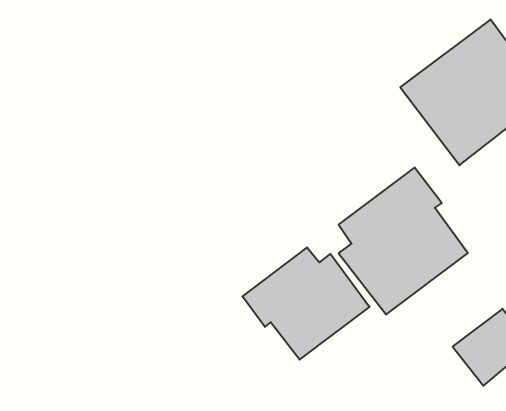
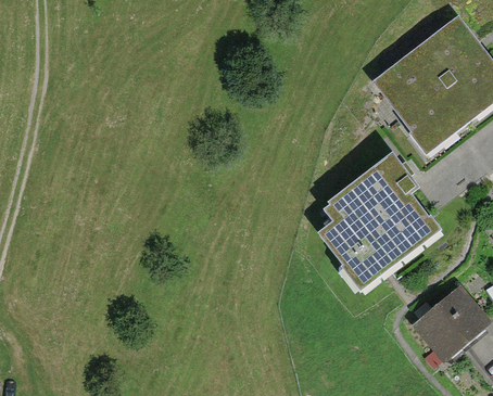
building: [242,247,370,360] -> none

